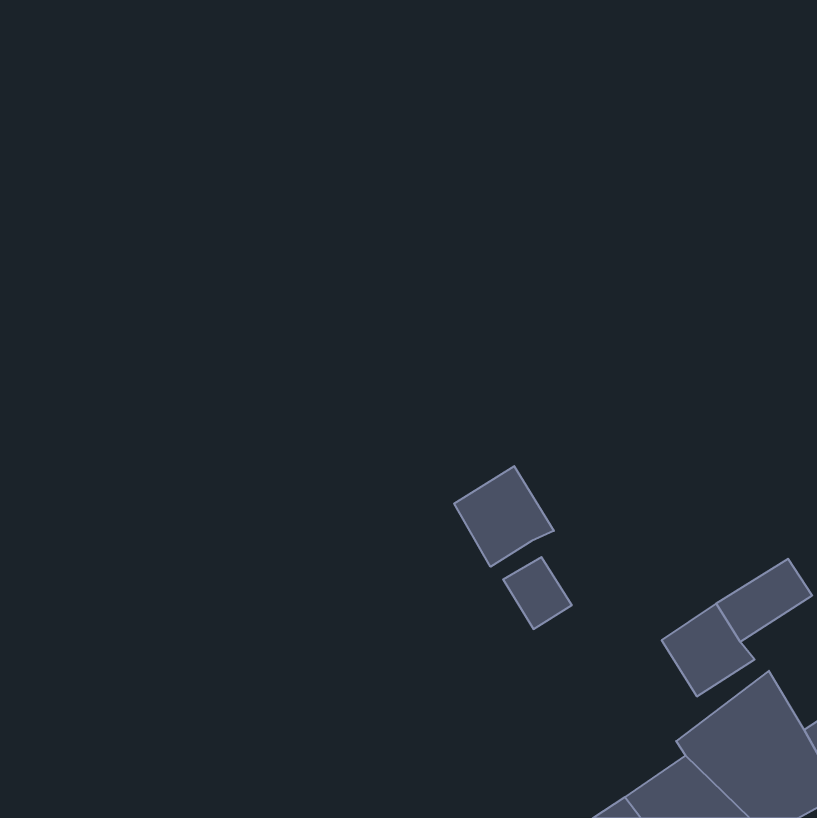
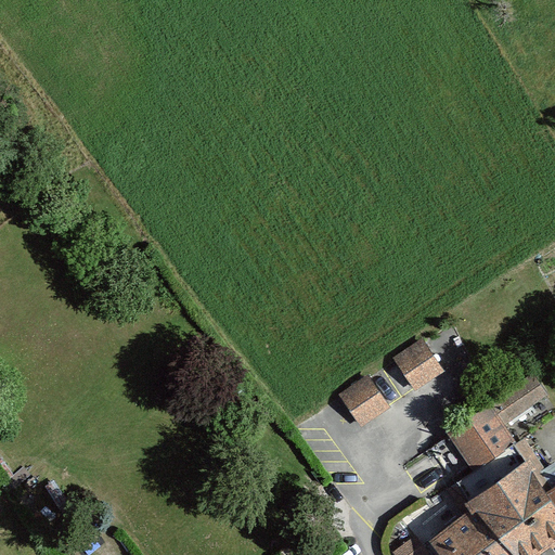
building: [454,466,554,567] -> none
building: none -> [398,343,446,393]

